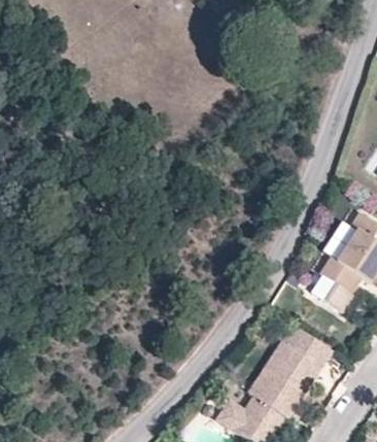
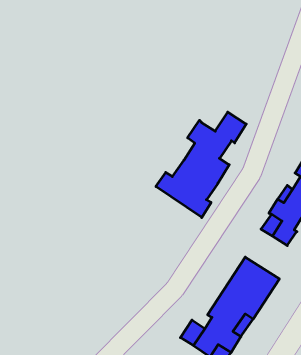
building: none -> [156,112,246,218]

